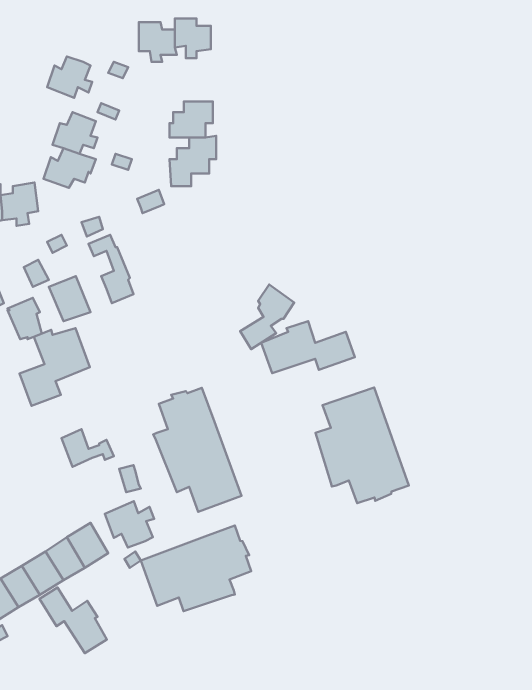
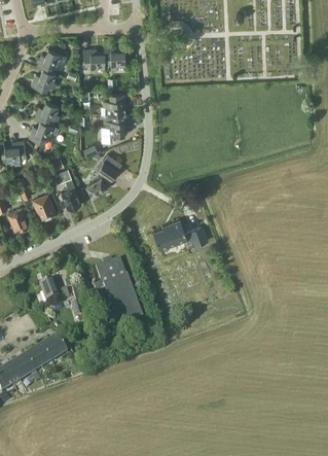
building: none -> [37,48,67,71]
building: [240,284,294,349] -> [87,160,118,197]
building: [20,328,90,406] -> none
building: [315,387,409,503] -> none
building: [105,501,154,548] -> none
building: [141,526,251,611] -> none
building: [39,588,107,653] -> none

